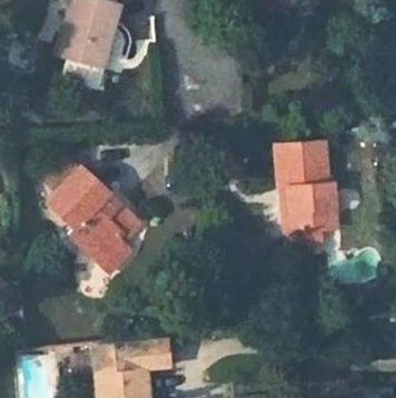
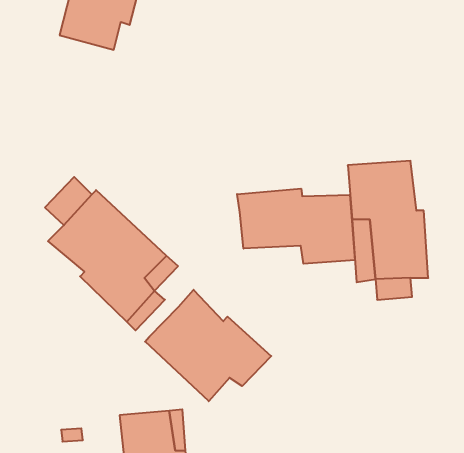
building: none -> [237,189,355,264]
building: none -> [145,290,271,401]

